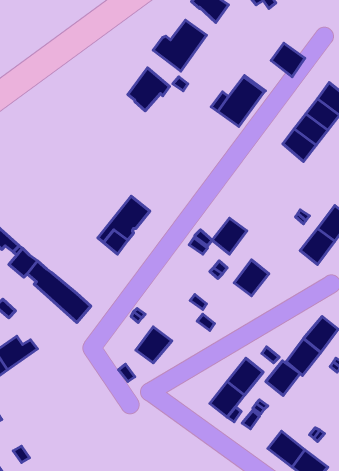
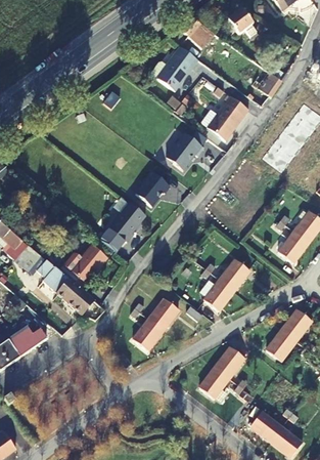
building: [128,68,170,111] -> [167,133,203,171]
building: none -> [134,172,169,207]
building: [212,218,247,254] -> [204,280,235,311]
building: none -> [58,246,106,289]
building: none -> [148,298,180,331]
building: [266,361,300,395] -> none

